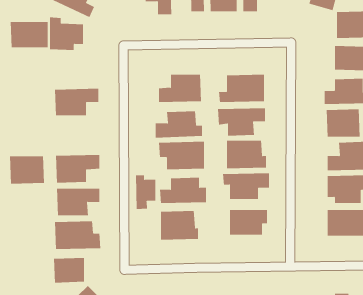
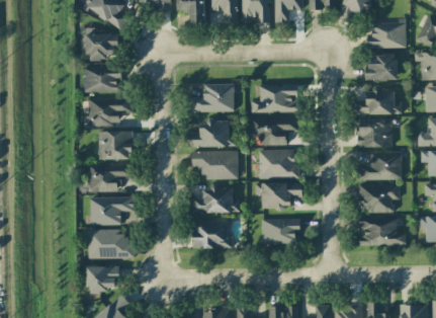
building: [10,21,48,48] -> [83,67,121,93]
building: [9,156,45,184] -> [98,132,134,160]
building: [136,175,156,210] -> none

